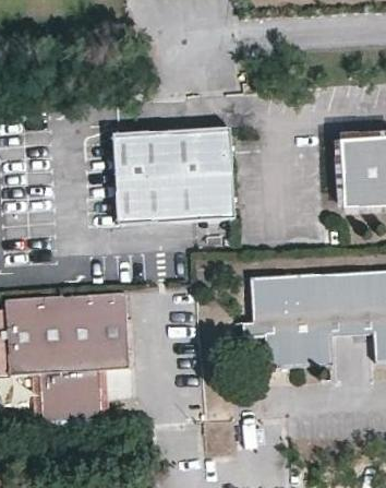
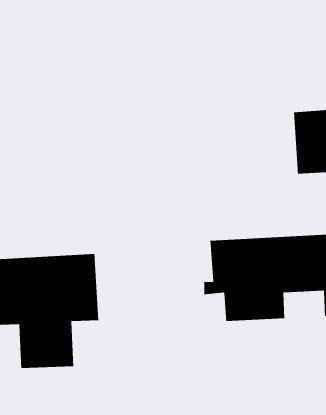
building: [112,127,232,221] -> none

